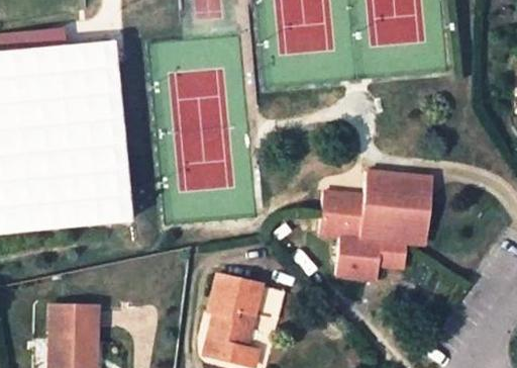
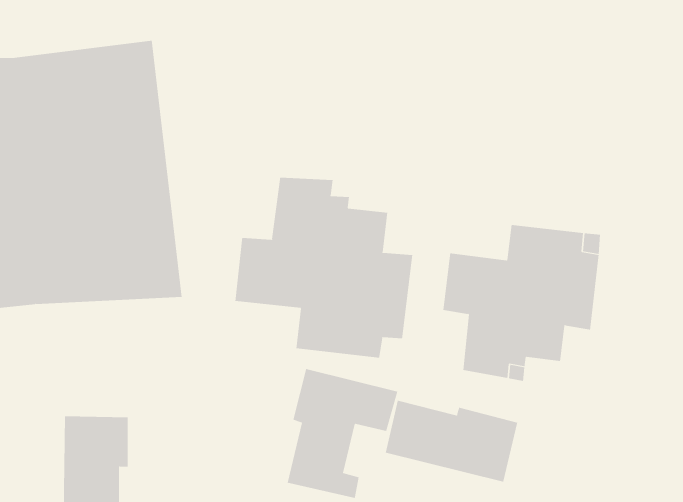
building: none -> [235,177,413,359]
building: none -> [385,400,518,482]

